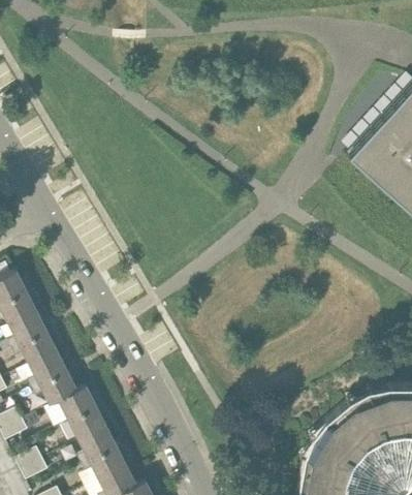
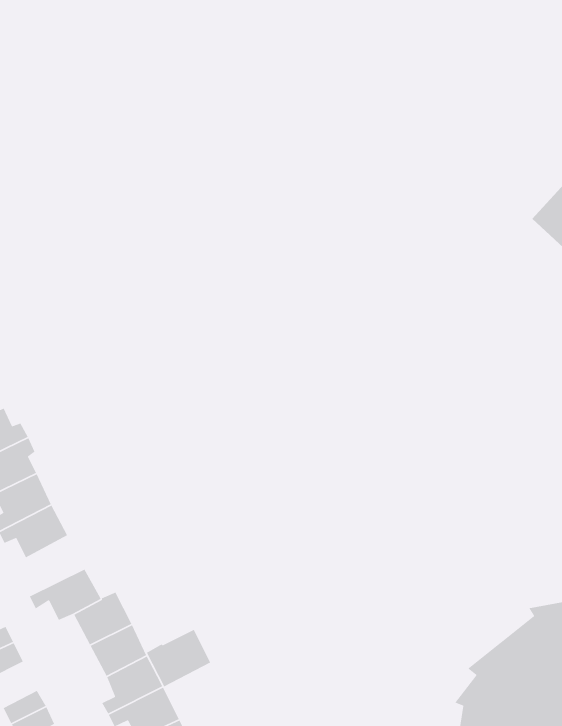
building: [31,358,70,396] -> none
building: none -> [146,629,211,687]

